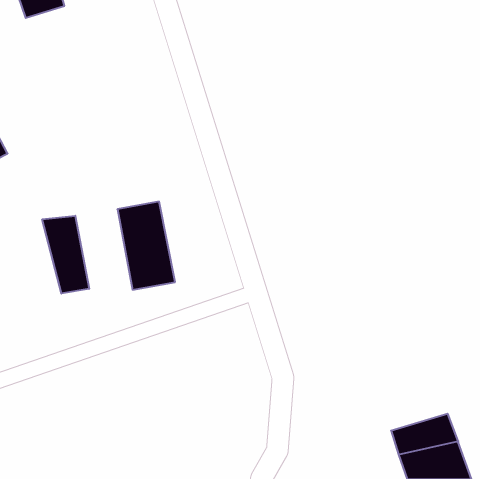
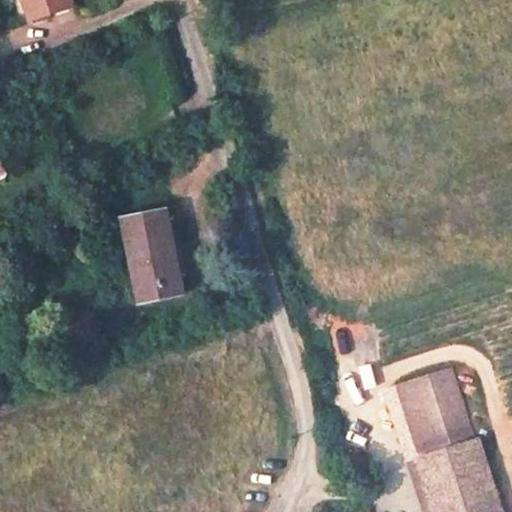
building: [42,216,89,294] -> none
building: none -> [390,365,466,442]

